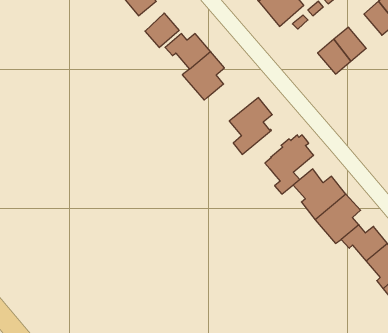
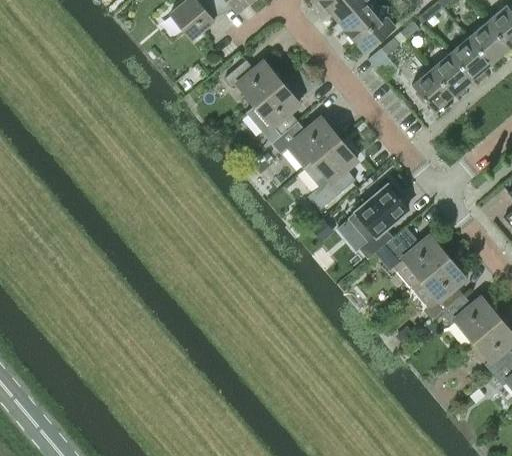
building: [145,13,179,48] -> none
building: none -> [451,36,492,78]
building: none -> [273,118,340,168]

